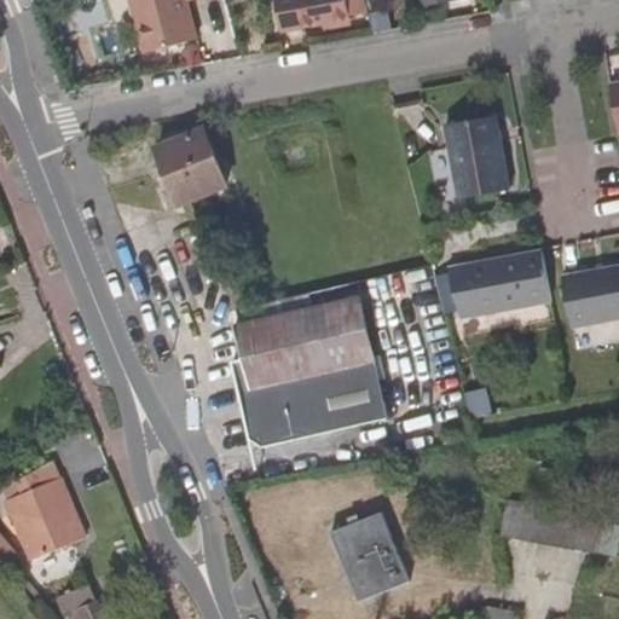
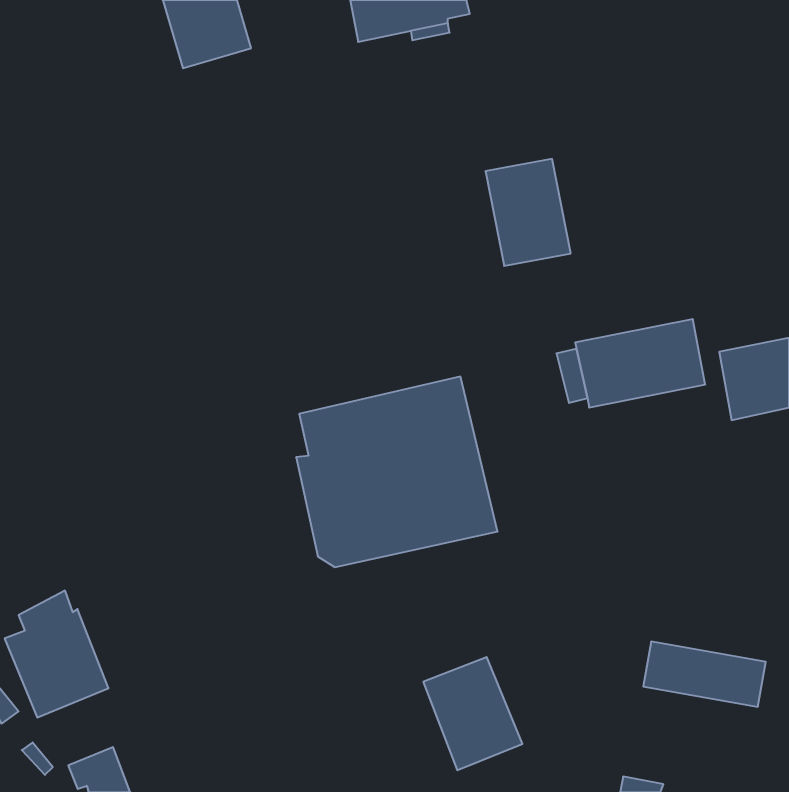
building: [444,115,510,198] -> [485,159,571,266]
building: [155,128,226,203] -> none

